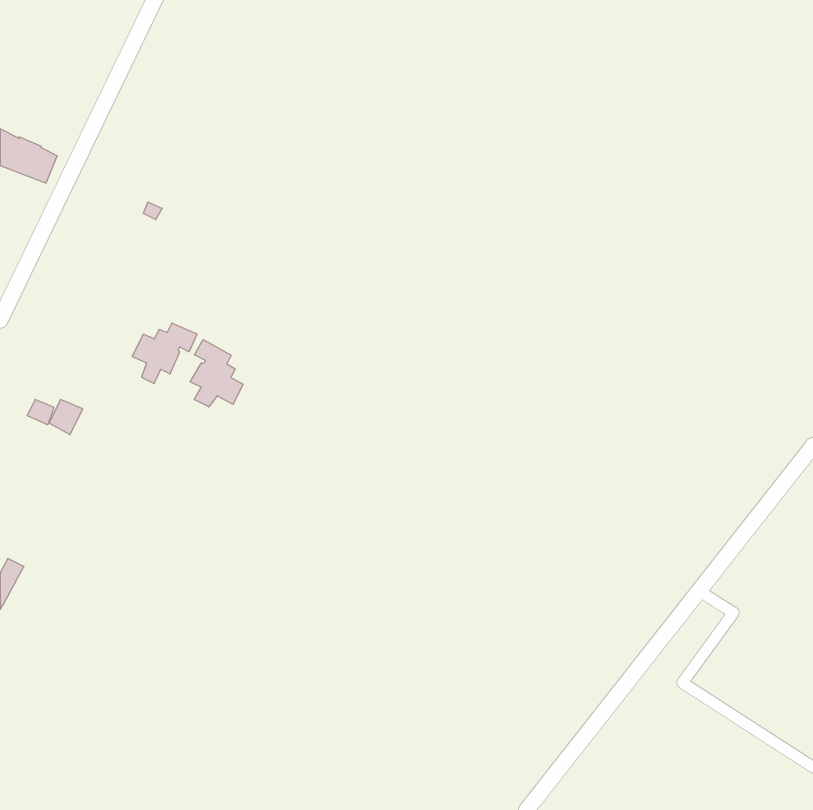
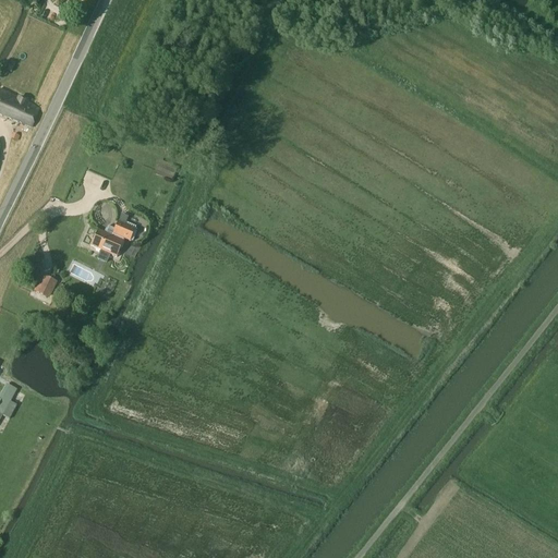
building: [190,340,243,407] -> none

